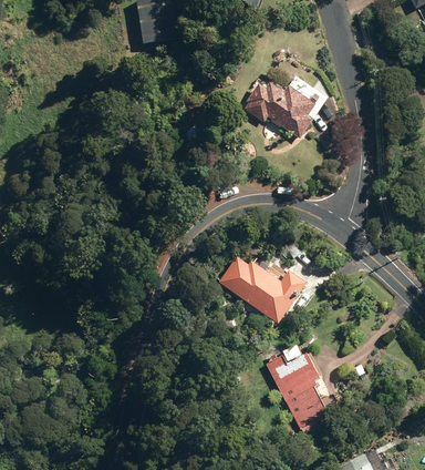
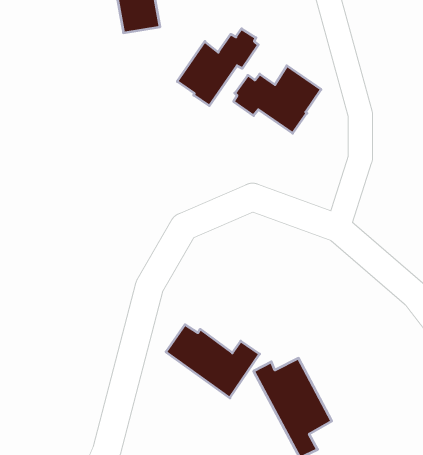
building: none -> [177,29,258,106]
building: [218,255,305,324] -> [166,325,260,398]

